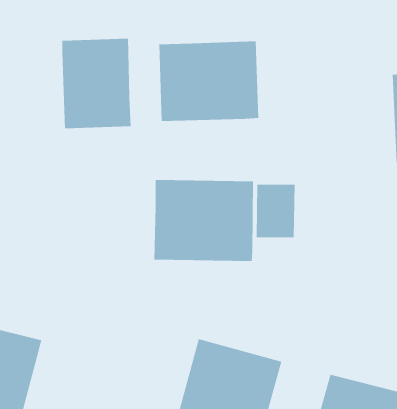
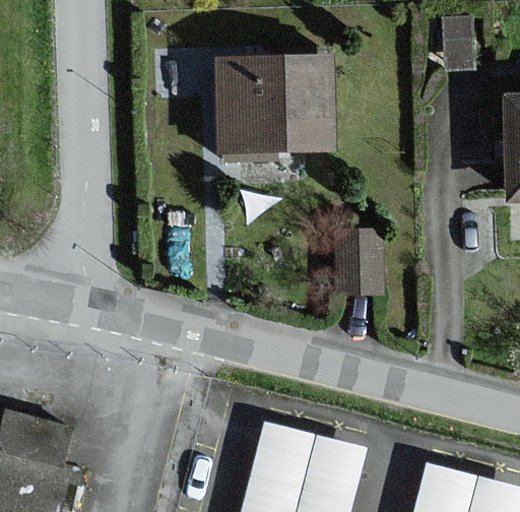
building: [62,38,131,129] -> none
building: [154,179,254,262] -> none

